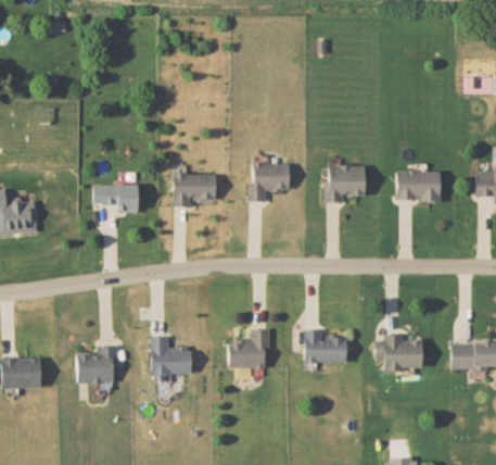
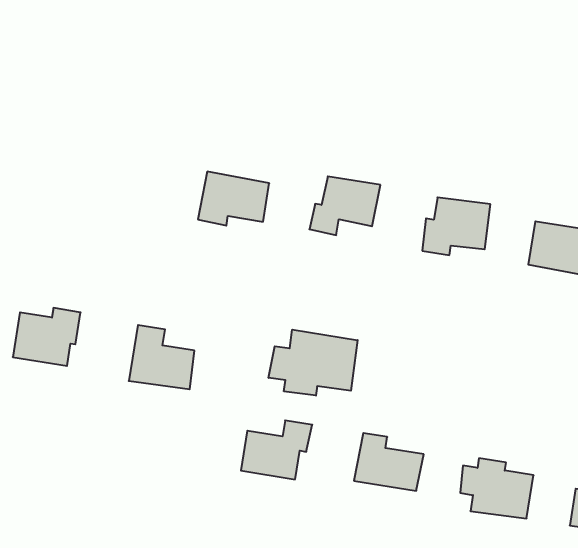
building: [93,185,138,213] -> none
building: none -> [269,330,358,396]
building: [151,337,192,375] -> [129,325,194,389]
building: [77,347,117,384] -> [13,308,81,366]

